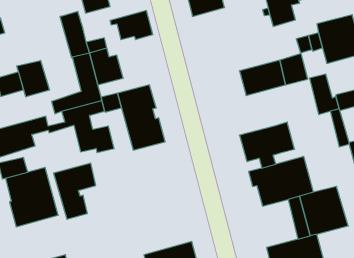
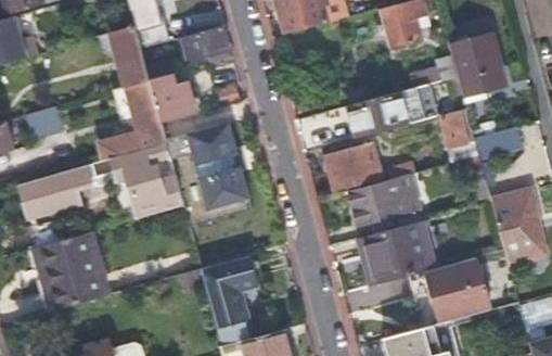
building: [17,60,50,97] -> none
building: none -> [324,143,389,190]
building: [54,163,96,219] -> [200,256,255,330]

